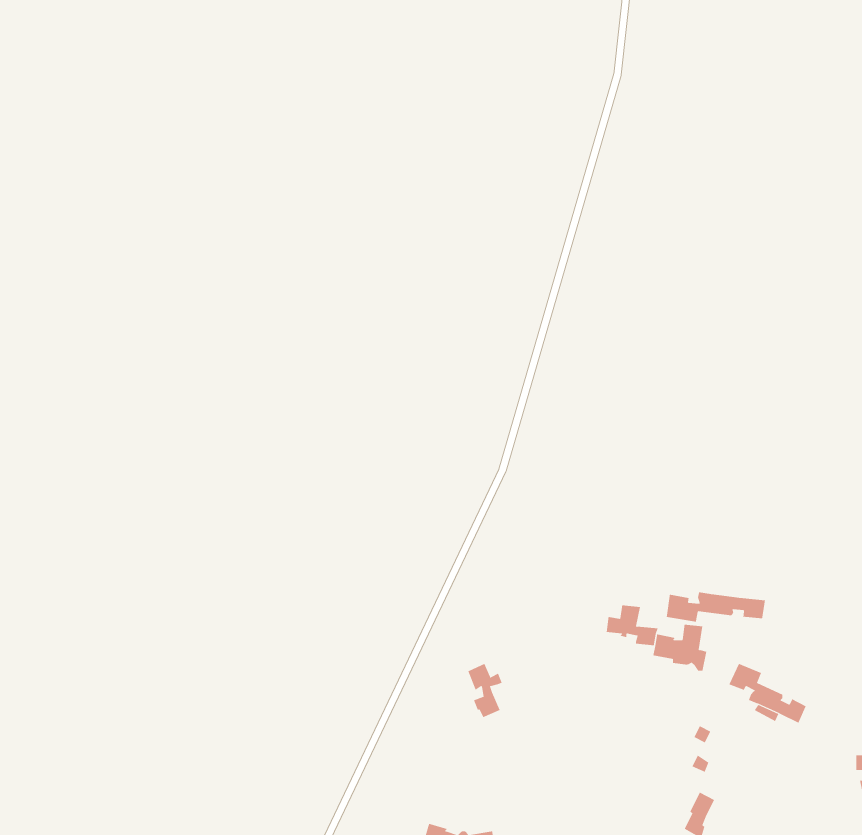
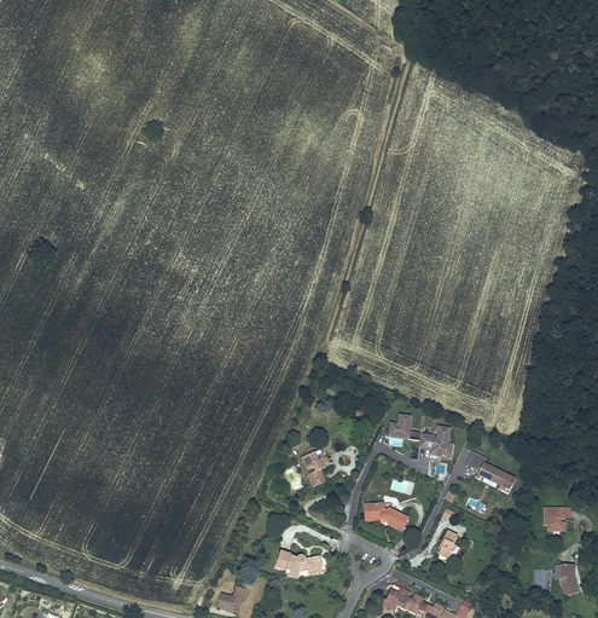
building: [666,591,765,622] -> none
building: none -> [365,503,408,531]

